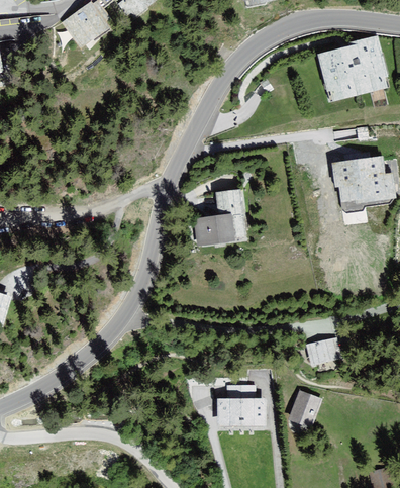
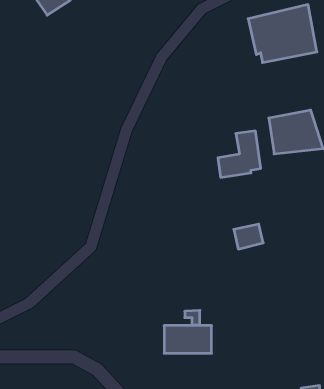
building: [199,192,247,245] -> [218,131,261,177]
building: [303,337,336,366] -> [234,224,263,249]
building: [289,391,325,427] -> none

